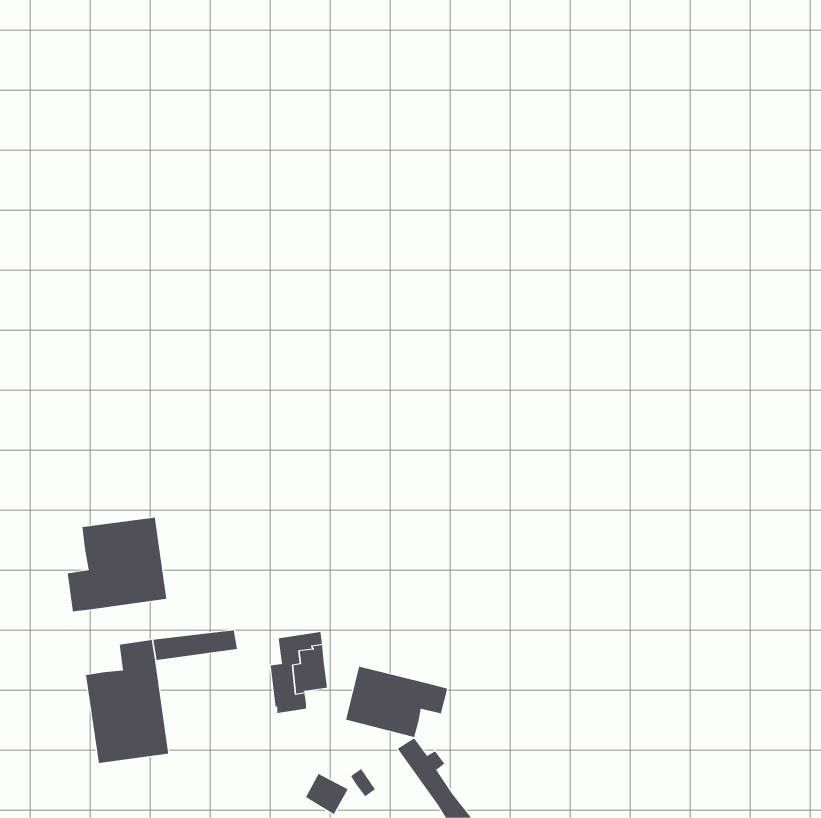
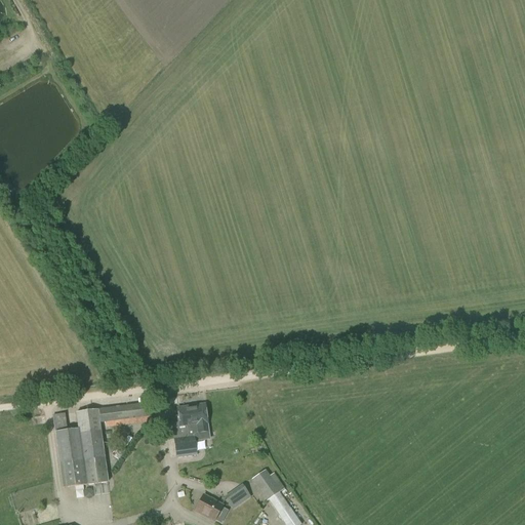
building: [67,517,167,612] -> none
building: [346,666,448,738] -> none

